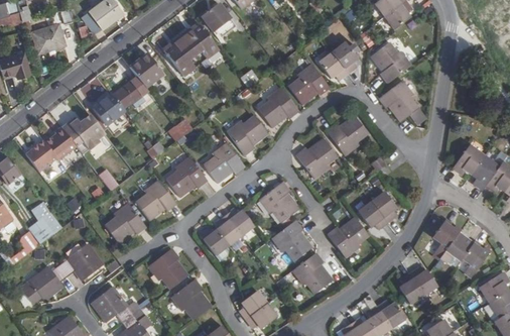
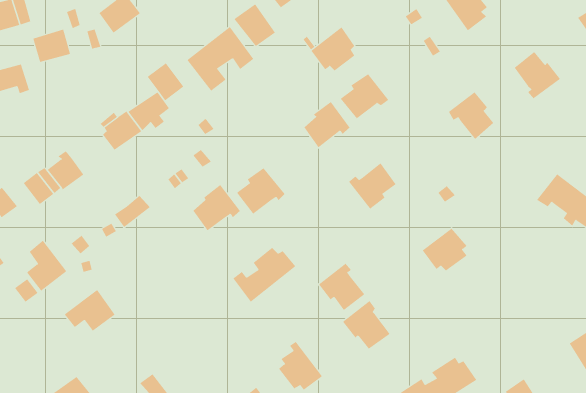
building: [373,39,412,80] -> [514,51,561,99]
building: [320,40,357,78] -> [310,27,355,71]
building: [228,114,268,152] -> none
building: [328,114,368,153] -> none
building: [60,115,104,154] -> none
building: [135,179,175,218] -> none
building: [259,181,298,222] -> none
building: [106,201,146,241] -> none
building: [326,217,366,256] -> none
building: [433,220,490,278] -> none
building: [148,249,187,290] -> none
building: [29,264,68,298] -> none
building: [397,265,434,303] -> none
building: [171,279,210,319] -> none
building: [91,287,133,322] -> none

